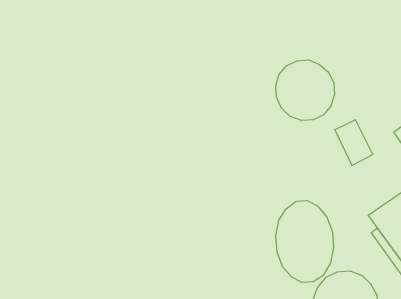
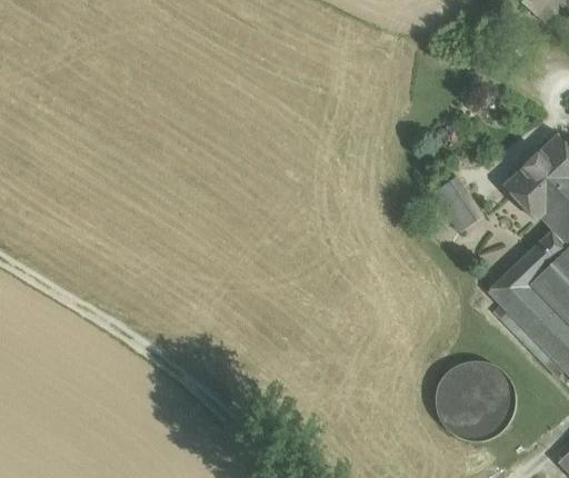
building: [276,60,334,120] -> none
building: [276,200,333,283] -> none

